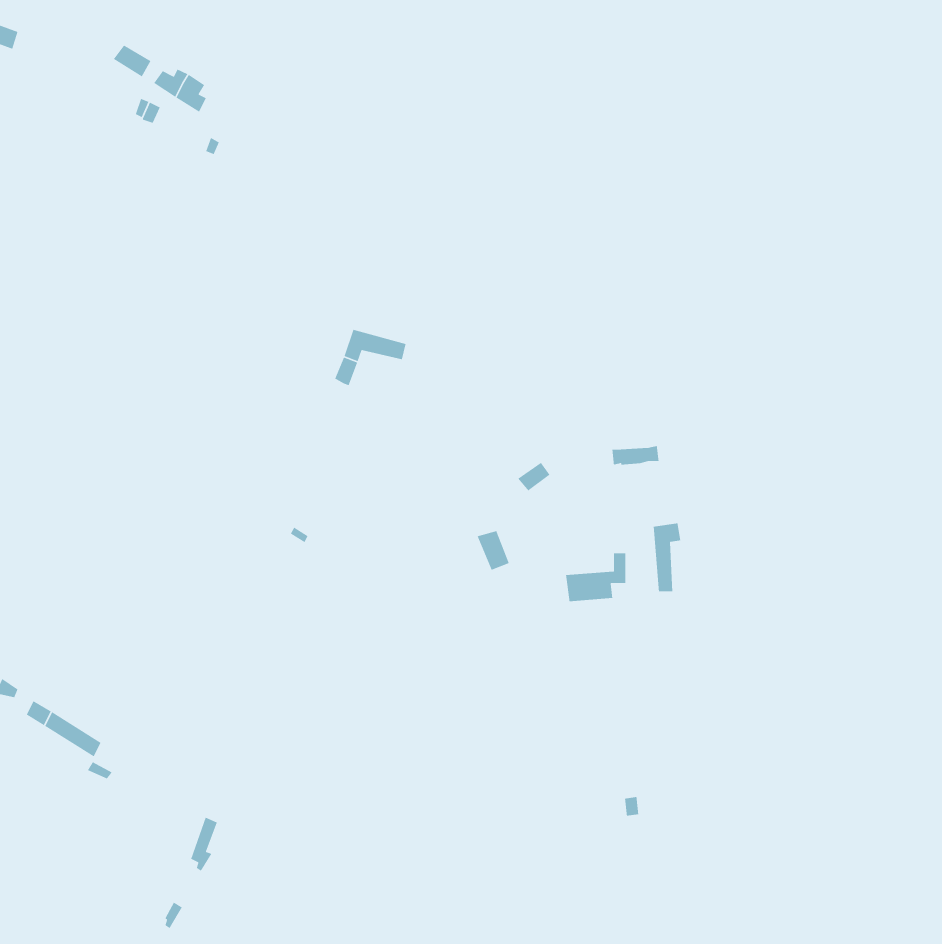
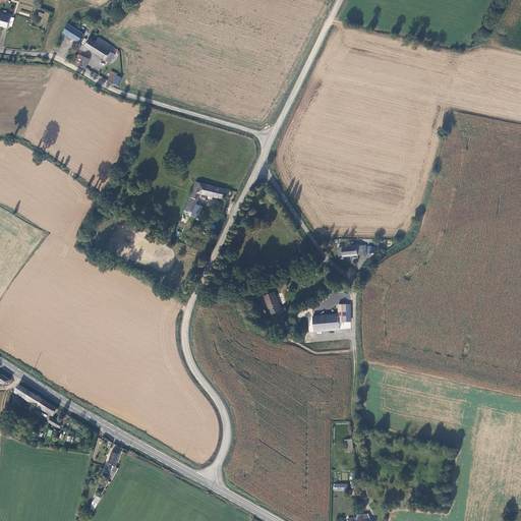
building: [653,522,681,592] -> none

